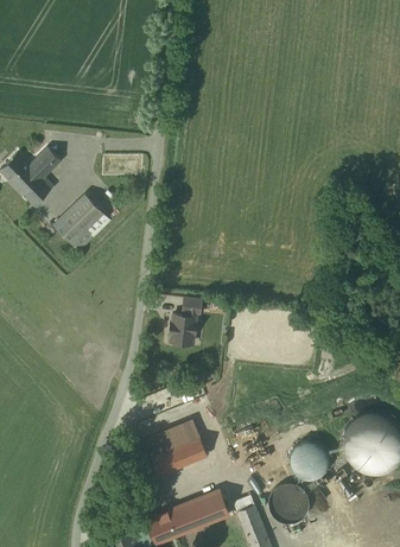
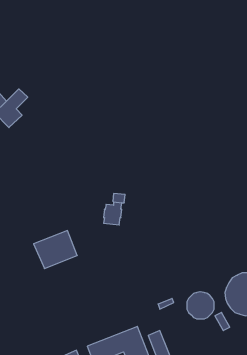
building: [51,195,107,250] -> none
building: [144,420,207,475] -> [34,231,77,269]
building: [268,483,309,523] -> none

